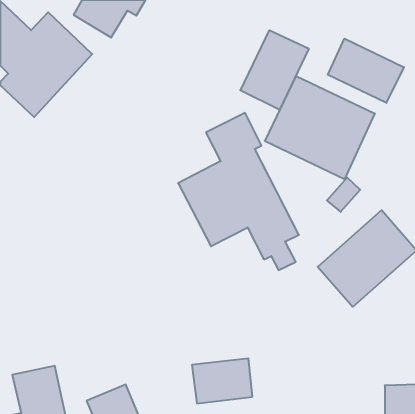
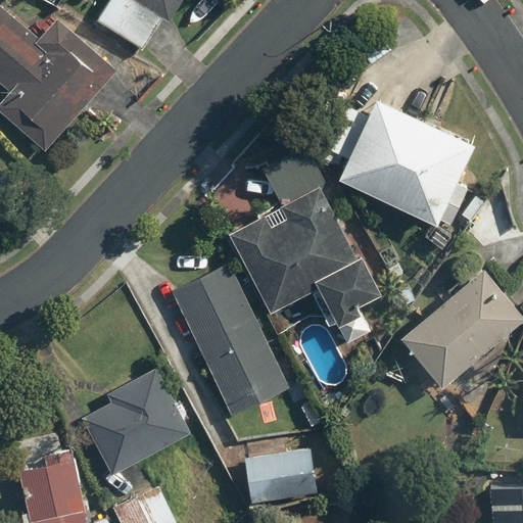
building: [240,30,309,110] -> none
building: [328,39,404,103] -> none
building: none -> [172,263,291,416]
building: none -> [81,367,189,476]

